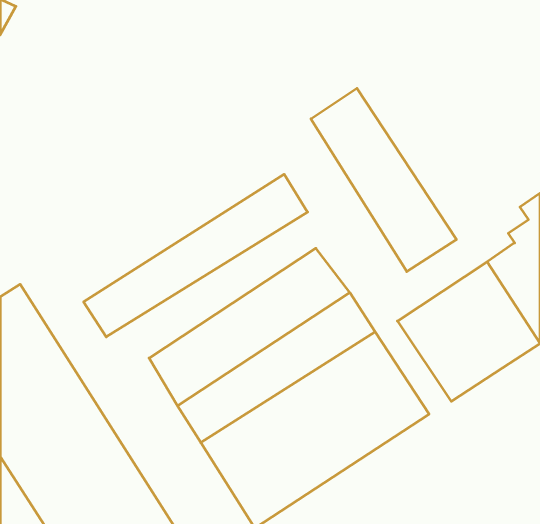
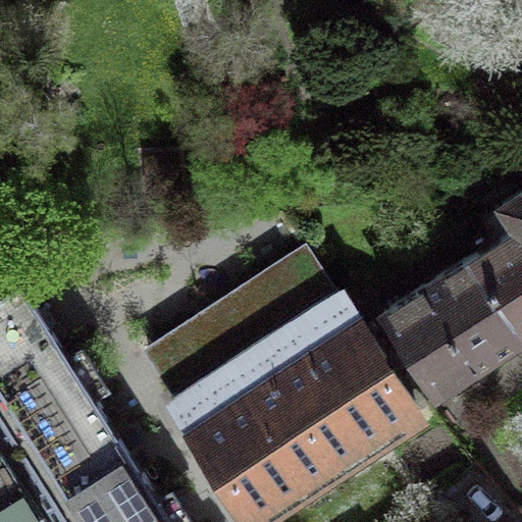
building: [311,88,456,272] -> none
building: [84,174,308,337] -> none

